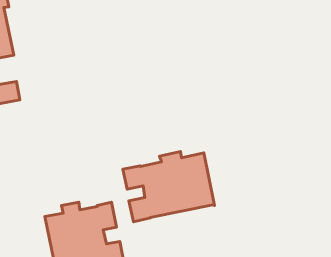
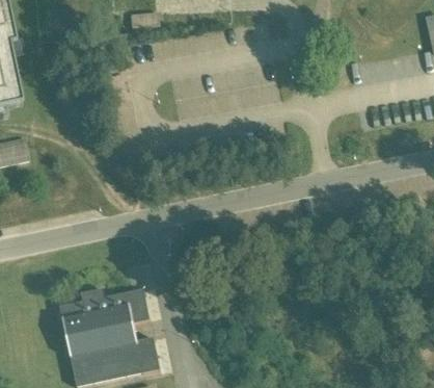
building: [123,152,215,222] -> none

